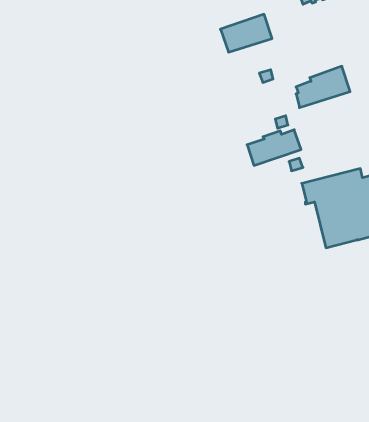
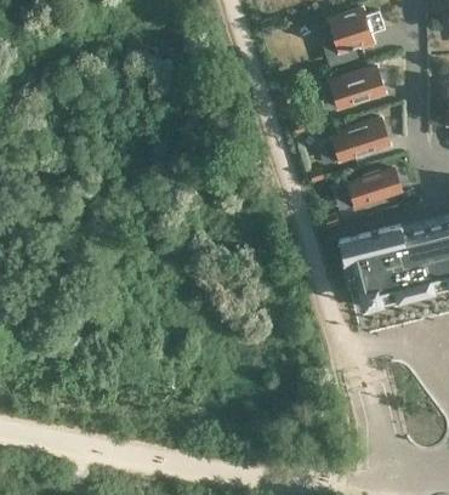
building: [220,14,272,52] -> [329,66,383,106]
building: [247,130,301,165] -> [343,169,400,206]

